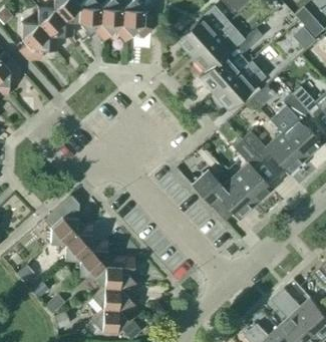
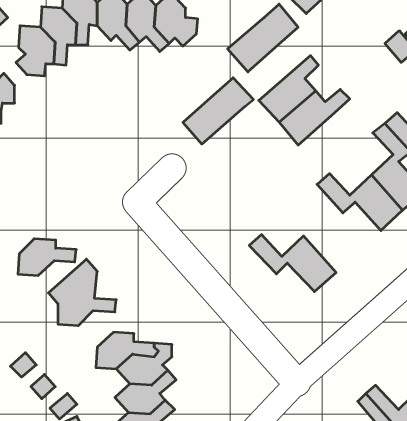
building: [191,23,243,72] -> [183,78,253,144]
building: [232,139,272,205] -> none
building: [64,233,107,260] -> [18,239,76,275]

